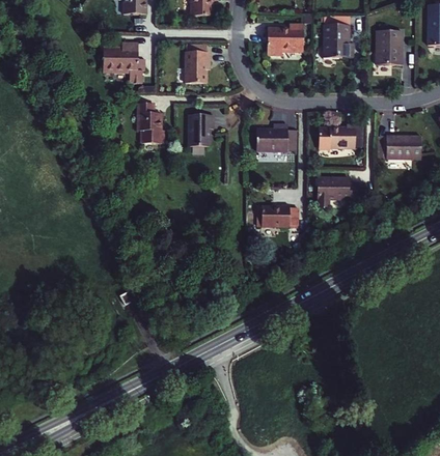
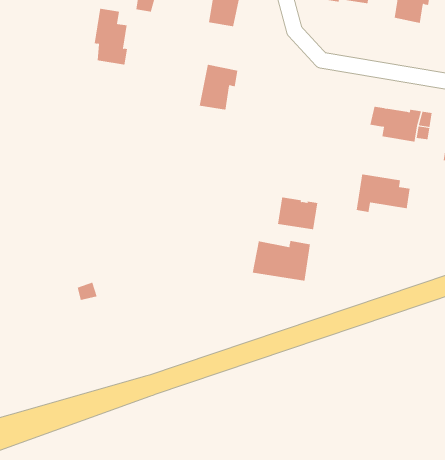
building: [138,104,164,143] -> [94,8,128,65]
building: [256,123,287,150] -> none
building: none -> [252,240,311,282]

